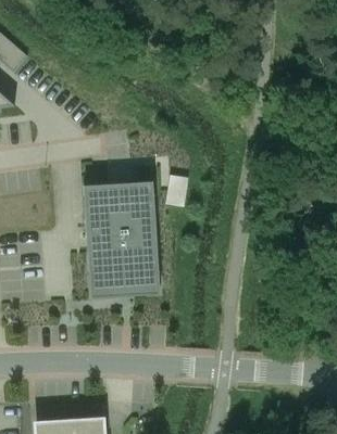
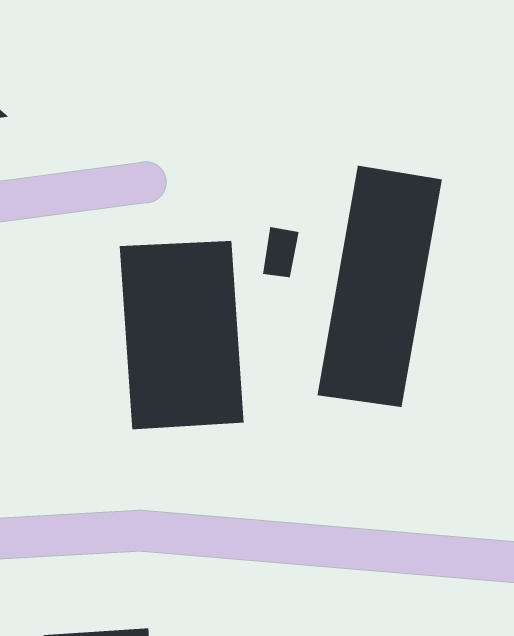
building: none -> [317,165,442,408]

